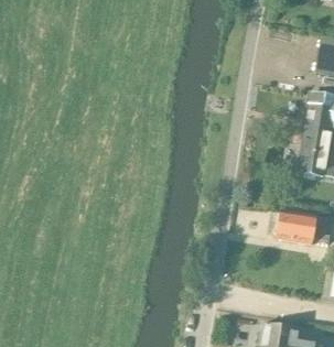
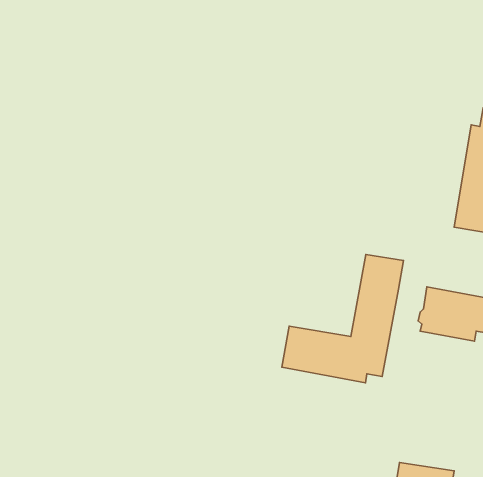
building: none -> [282,254,404,383]

